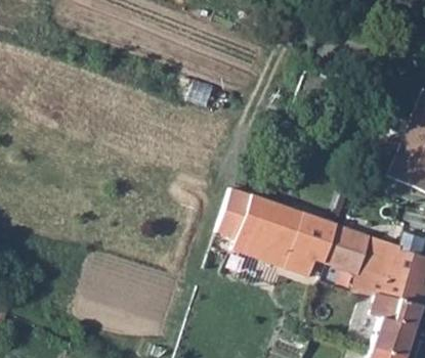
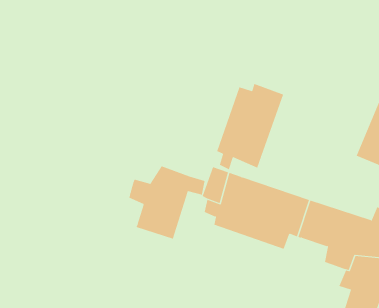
building: none -> [217,83,284,170]
building: none -> [129,165,205,239]

